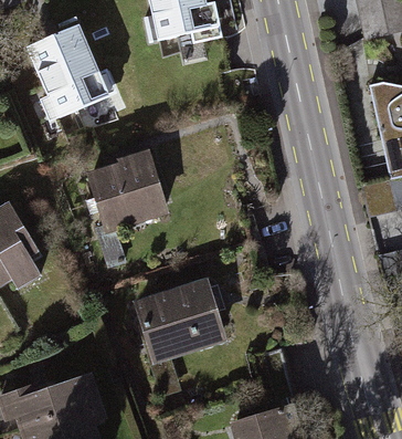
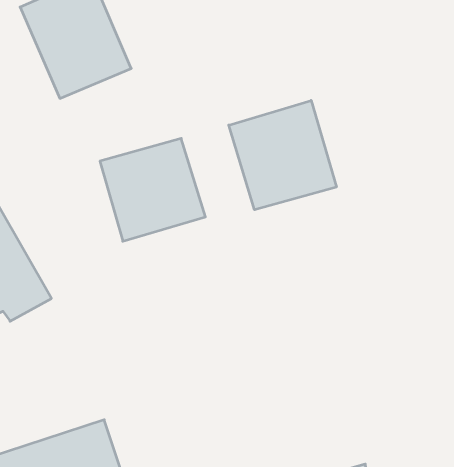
building: none -> [229,100,336,210]
building: [131,276,228,362] -> none

